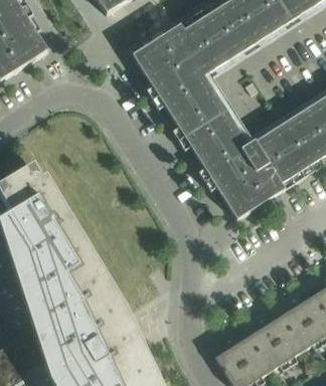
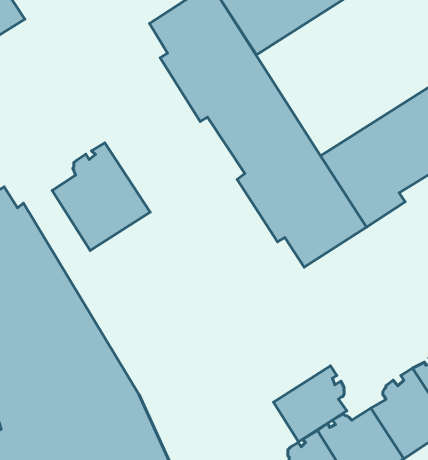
building: none -> [52,143,150,251]
building: none -> [273,366,347,442]

